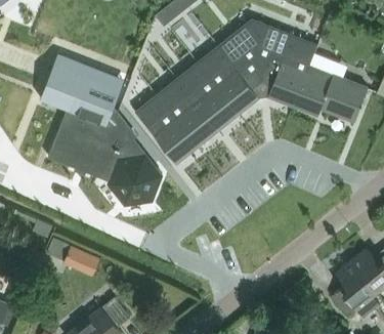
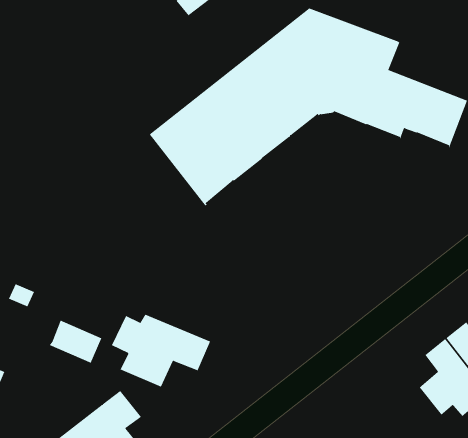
building: [40,69,162,205] -> none
building: none -> [111,314,211,388]

